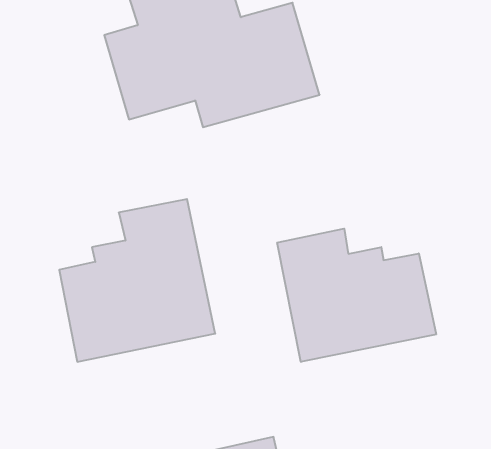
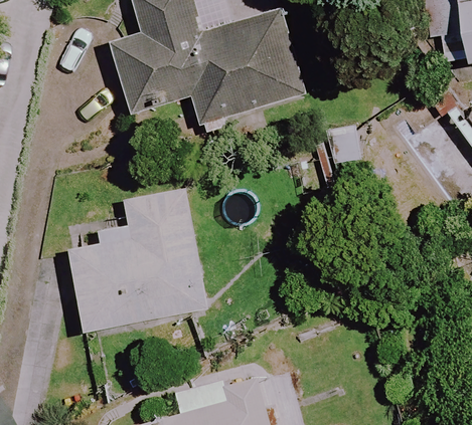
building: [277,229,436,362] -> none

